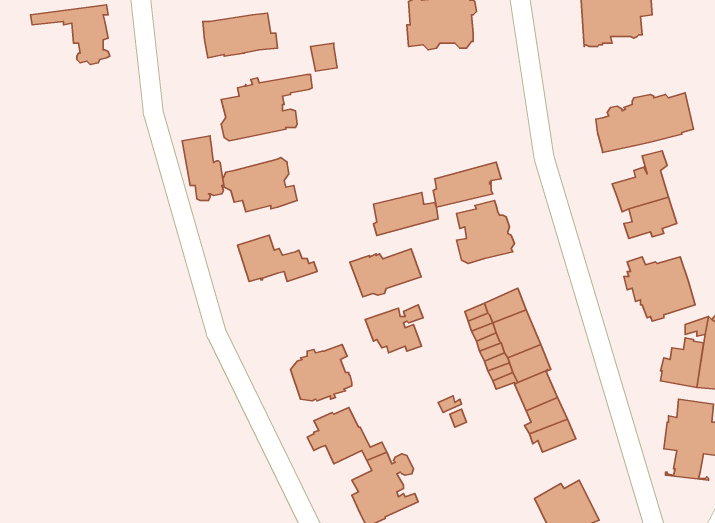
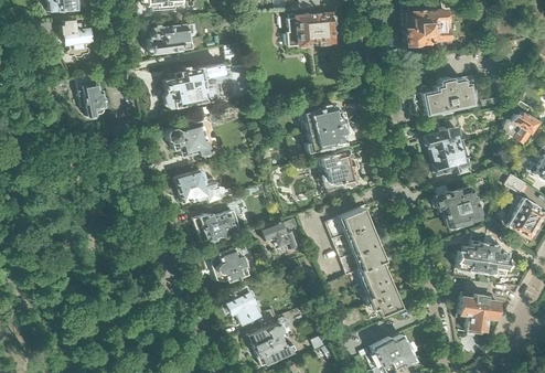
building: [182,136,223,201] -> [77,75,105,118]
building: [374,192,438,235] -> [304,106,348,135]
building: [350,249,421,297] -> [193,211,241,243]

